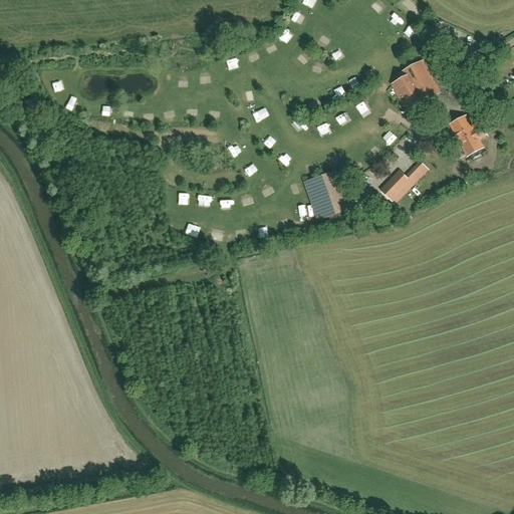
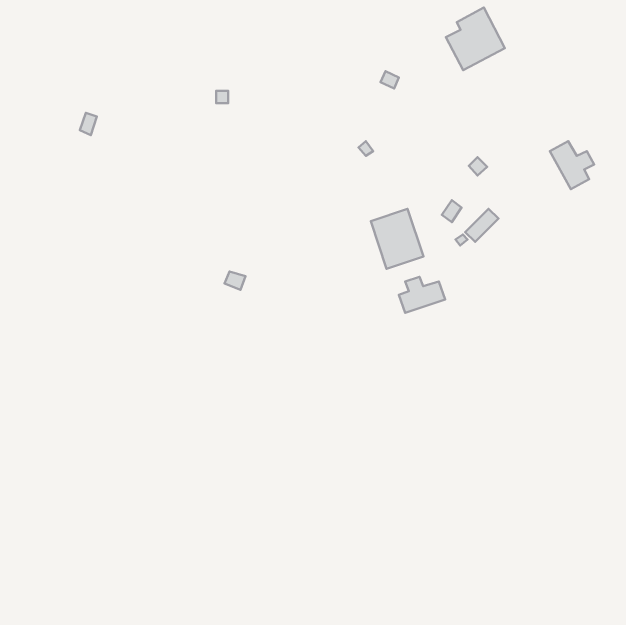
building: [391,59,439,110] -> [446,8,505,70]
building: none -> [399,277,445,313]

